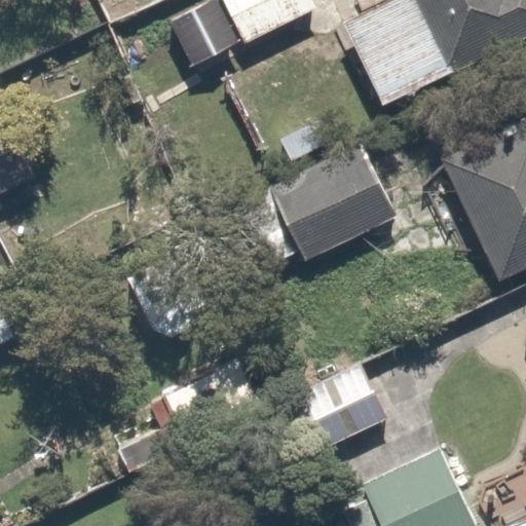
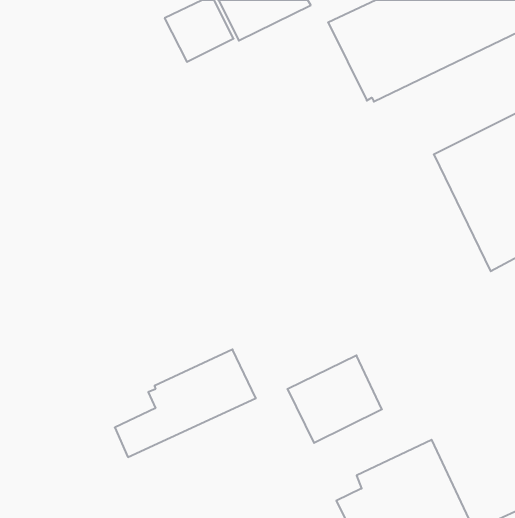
building: [248,140,400,262] -> none

